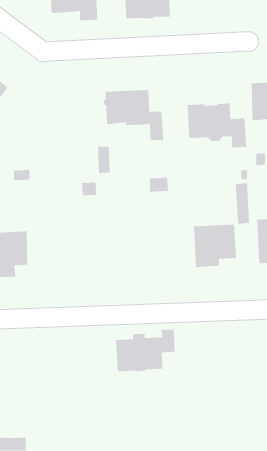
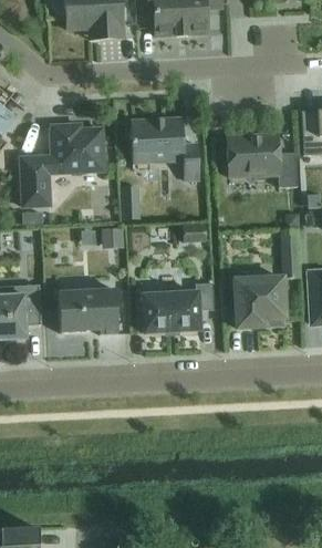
building: none -> [21,124,104,206]
building: none -> [58,288,117,334]
building: [115,329,176,372] -> [143,282,214,332]

